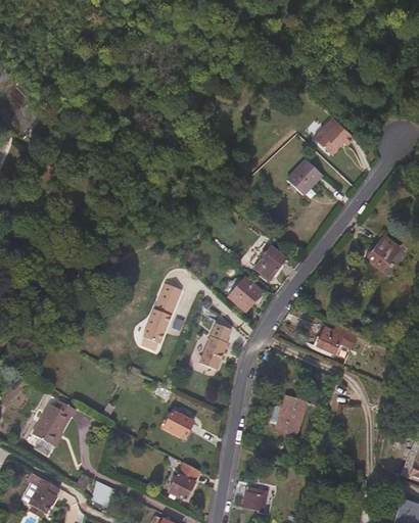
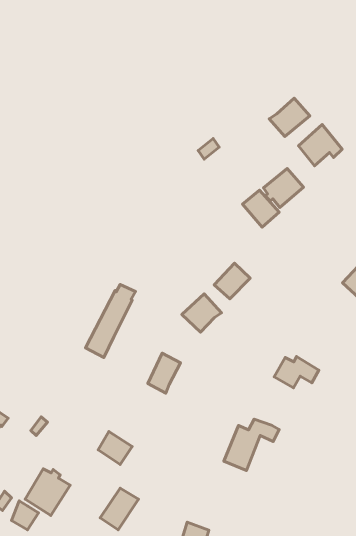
building: none -> [269,98,310,136]
building: none -> [242,190,279,227]
building: none -> [25,469,70,516]

